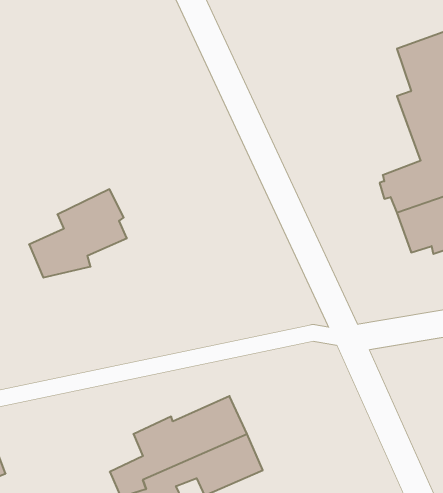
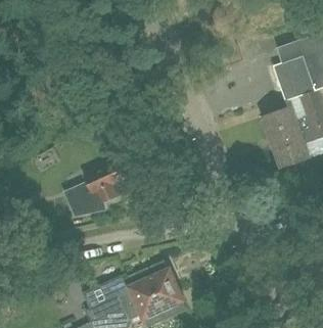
building: [29,189,127,278] -> [65,158,129,216]

